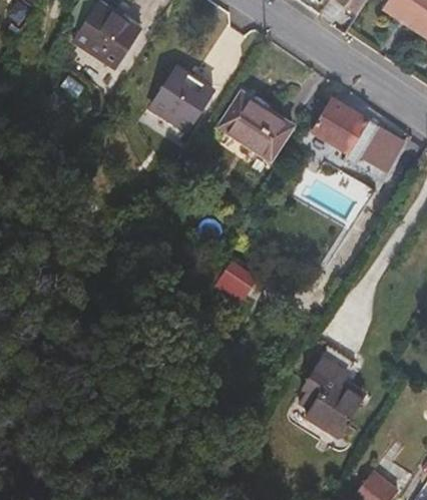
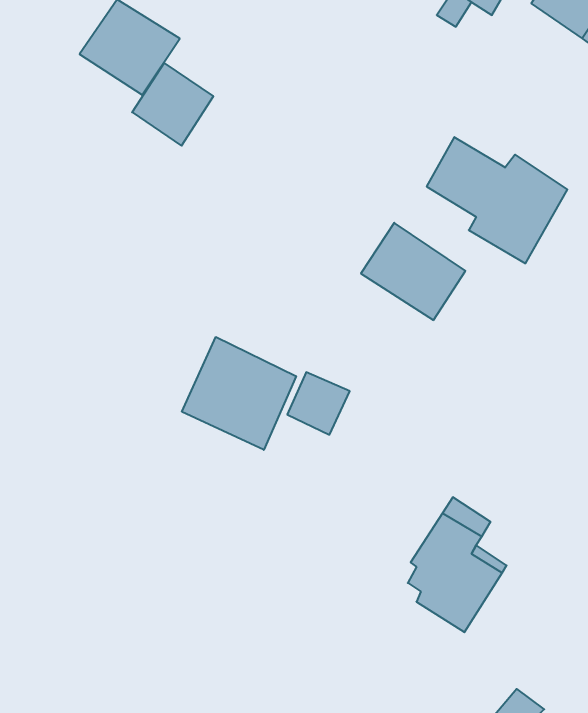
building: [154,69,210,126] -> [132,63,213,146]
building: [220,92,292,159] -> [361,223,465,320]
building: none -> [182,337,296,450]

